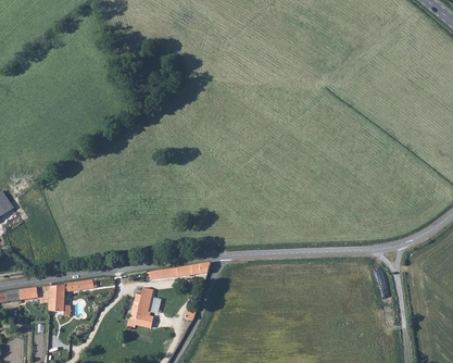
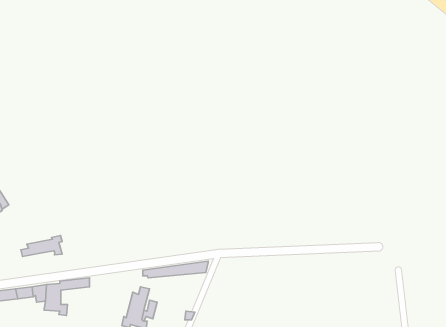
building: none -> [21,236,62,257]

